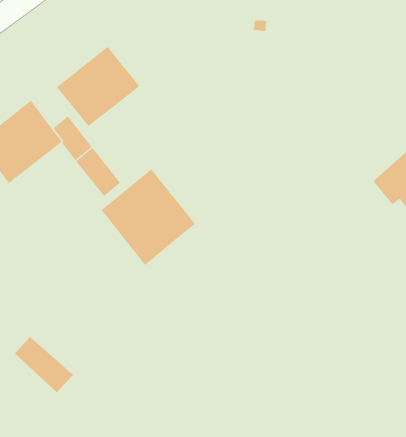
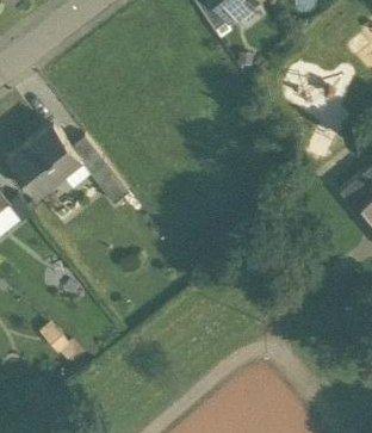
building: [56,46,140,127] -> none
building: [101,168,195,266] -> none

